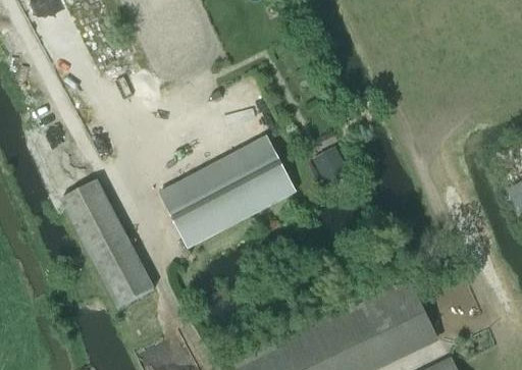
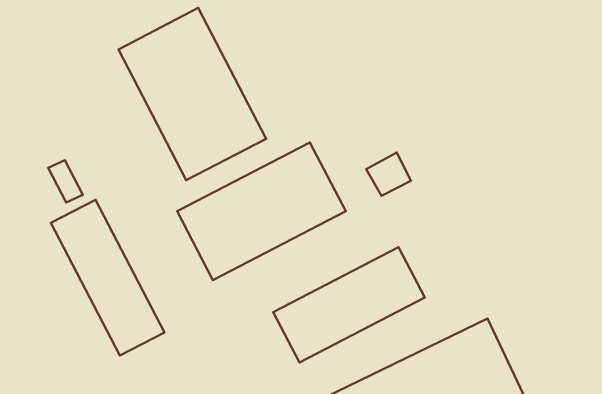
building: none -> [118,8,266,180]
building: none -> [273,247,425,362]

